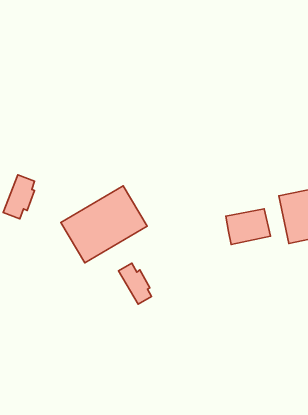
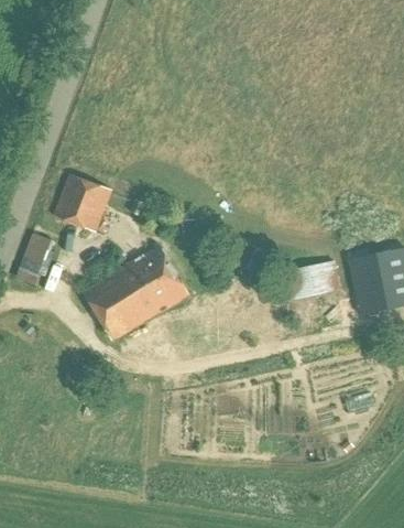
building: none -> [54,174,111,230]
building: [119,263,152,304] -> none

